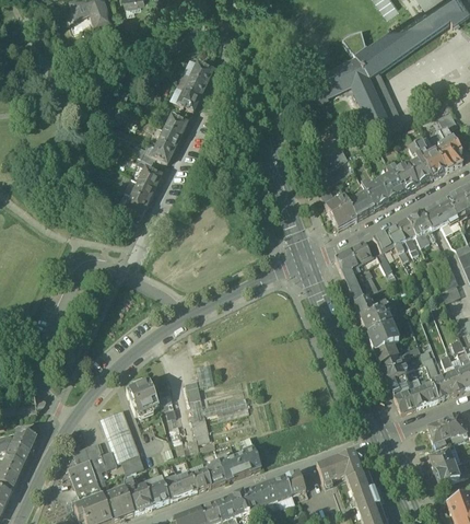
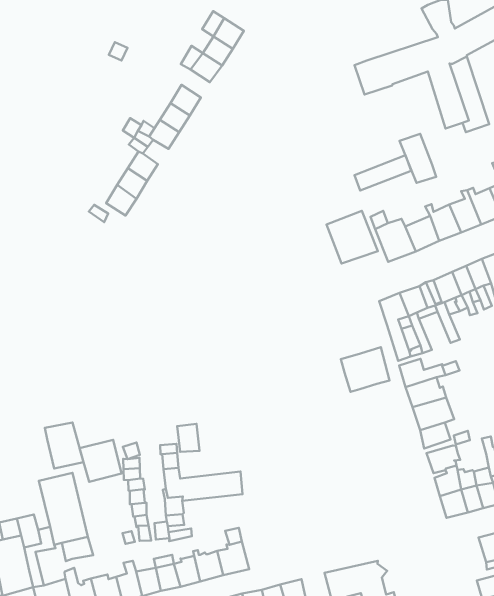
building: none -> [400,134,436,183]
building: none -> [327,211,378,264]
building: none -> [341,347,390,392]
building: none -> [45,423,83,468]

